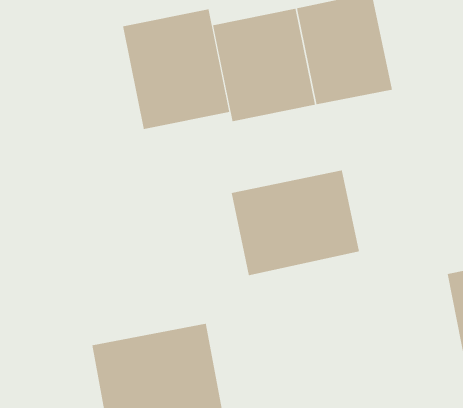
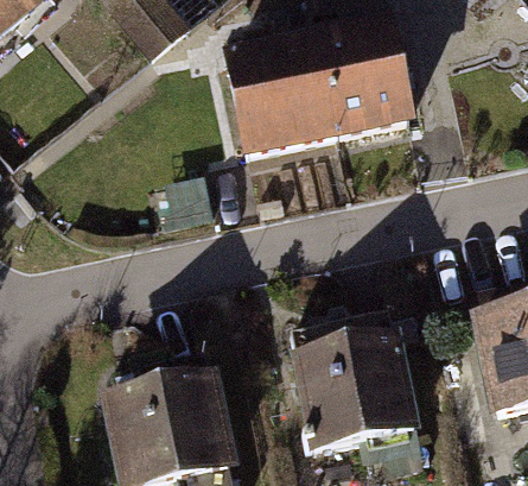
building: [123,9,230,130] -> none
building: [231,170,360,276] -> [281,341,414,450]

